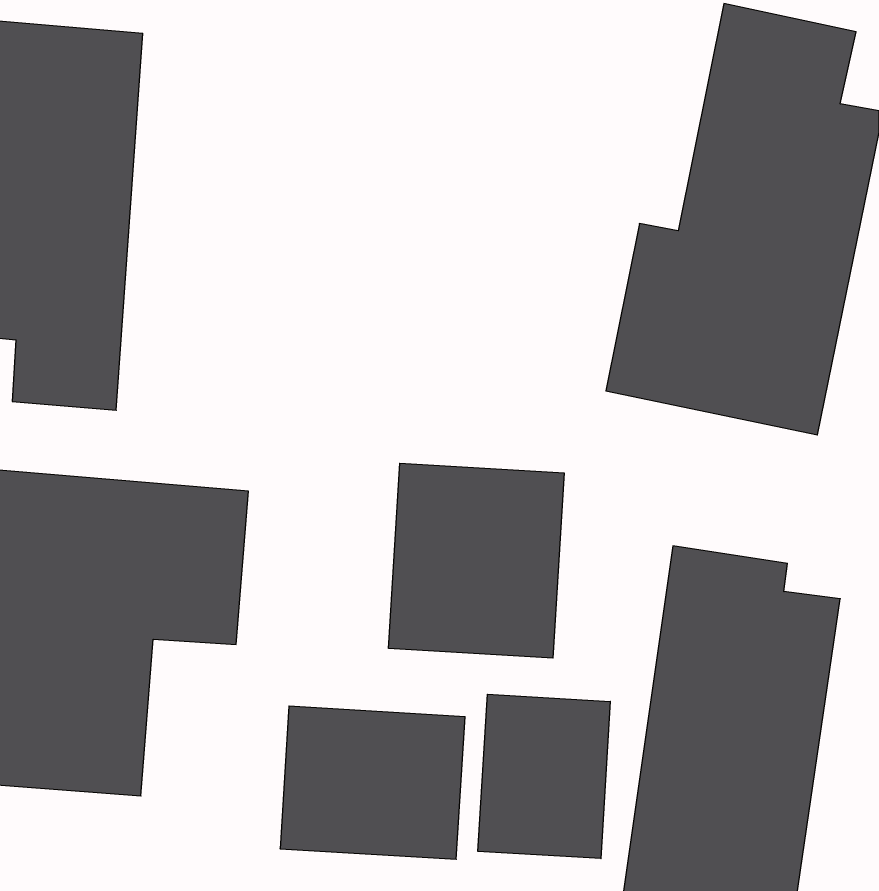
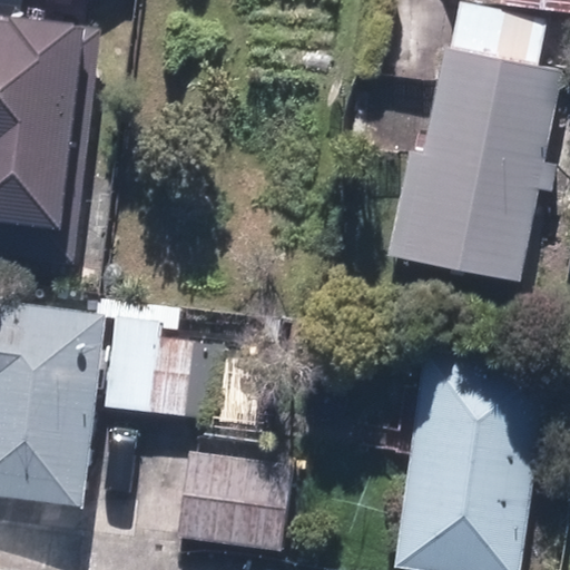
building: [389,463,564,658] -> none
building: [478,694,610,859] -> none

